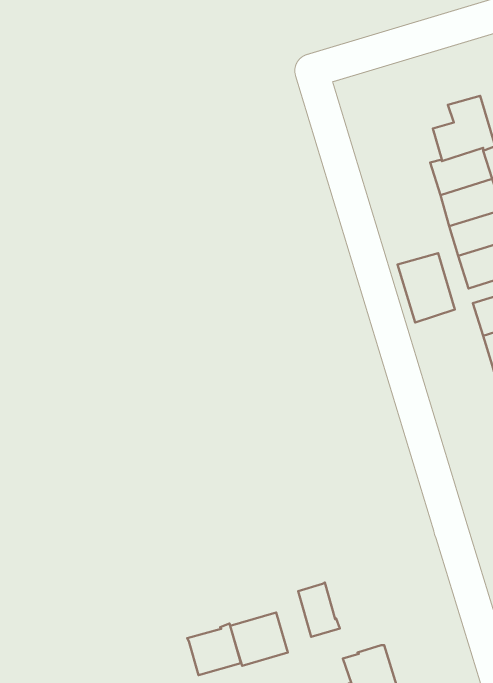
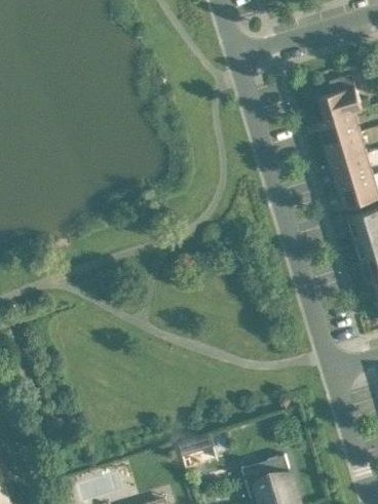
building: [397,253,455,322] -> none
building: [298,583,340,637] -> none
building: [187,624,241,675] -> none

